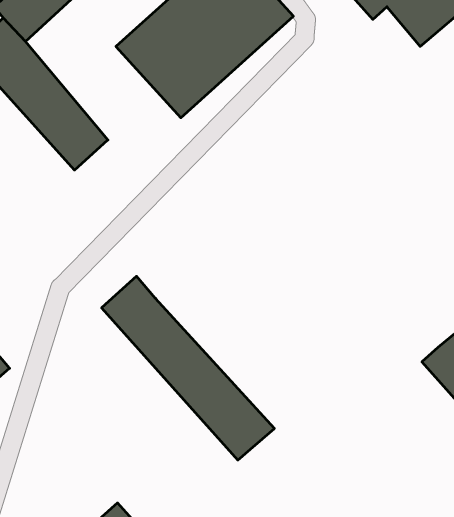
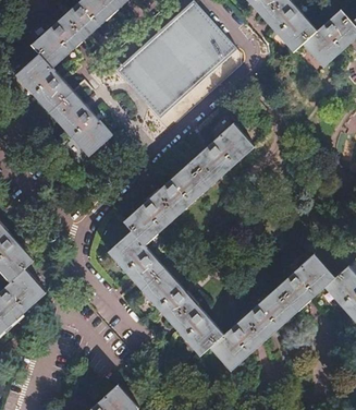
building: none -> [123,122,254,244]
building: none -> [209,254,337,372]

